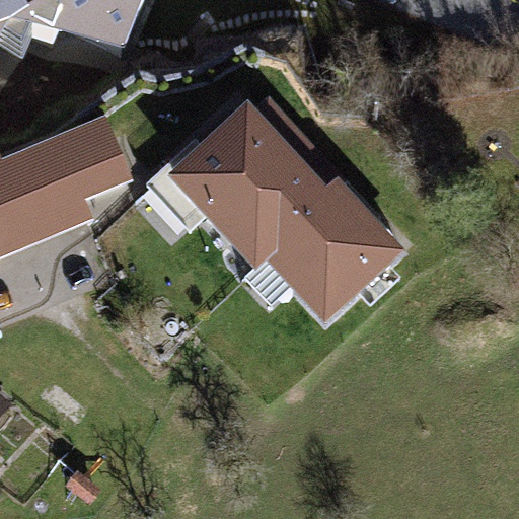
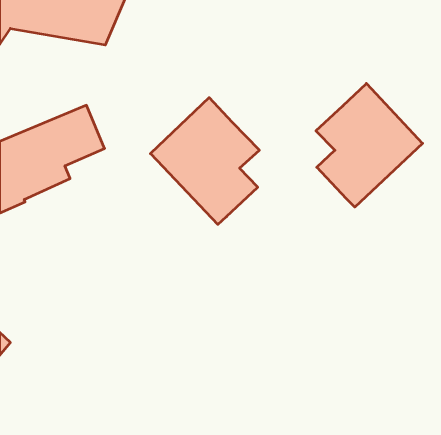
building: none -> [316,83,423,207]
building: [266,166,395,318] -> none

